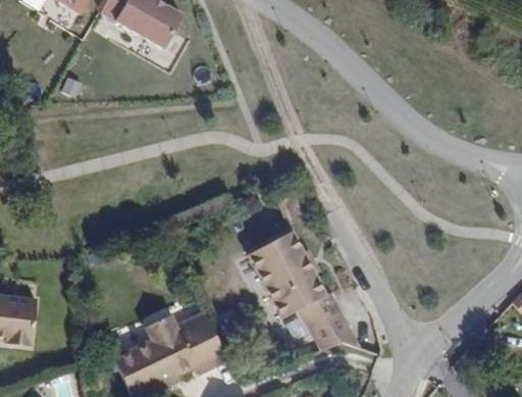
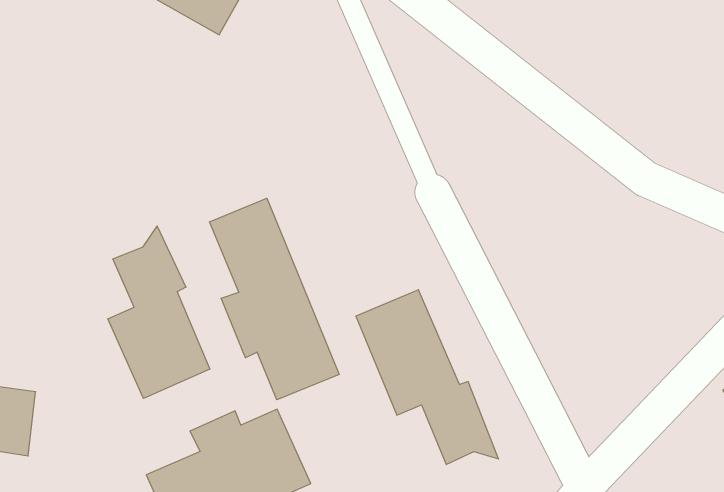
building: none -> [209,198,339,400]
building: none -> [108,226,210,398]

